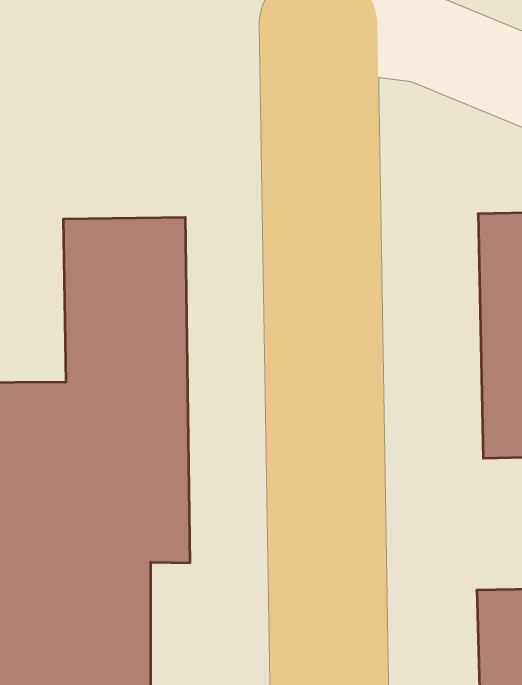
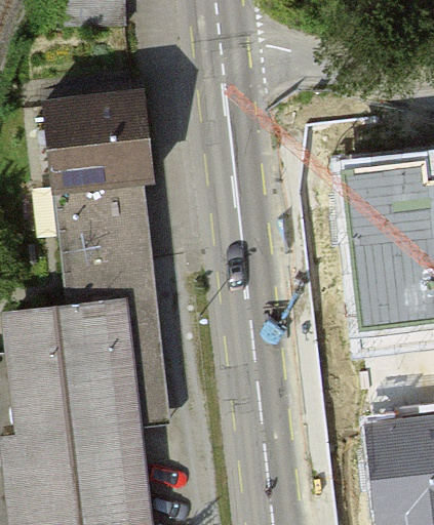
building: none -> [49,98,157,194]

